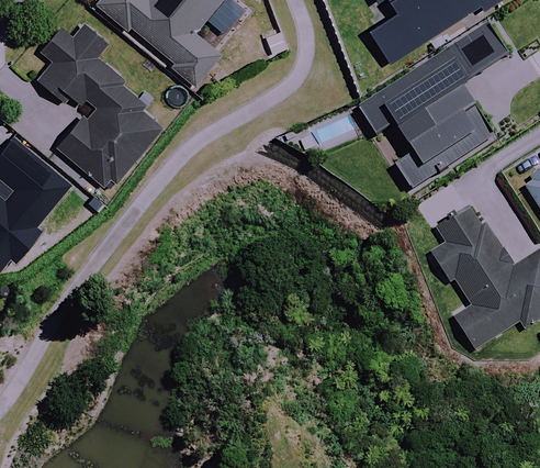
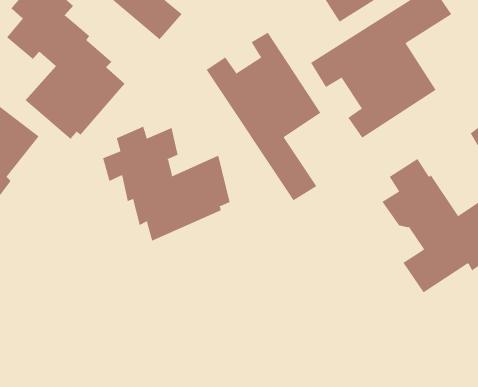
building: none -> [206,32,321,201]
building: none -> [102,126,230,242]

